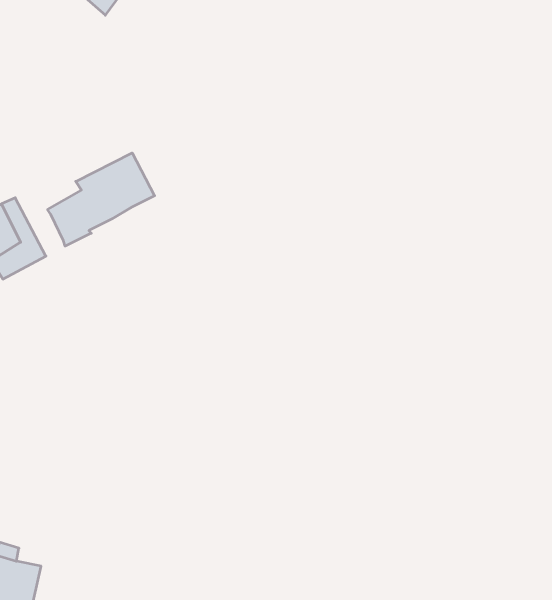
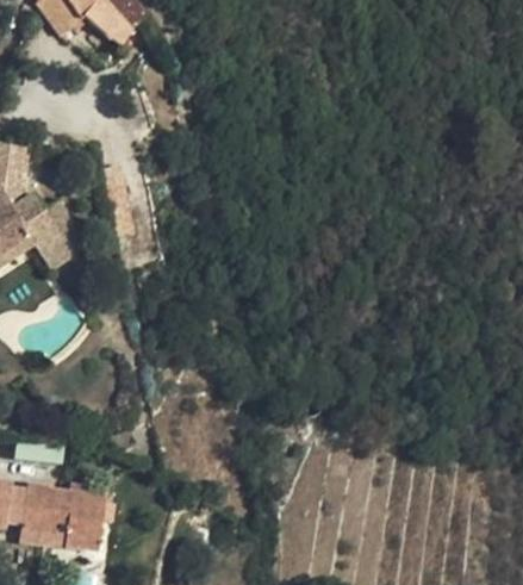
building: [48,153,155,246] -> none

